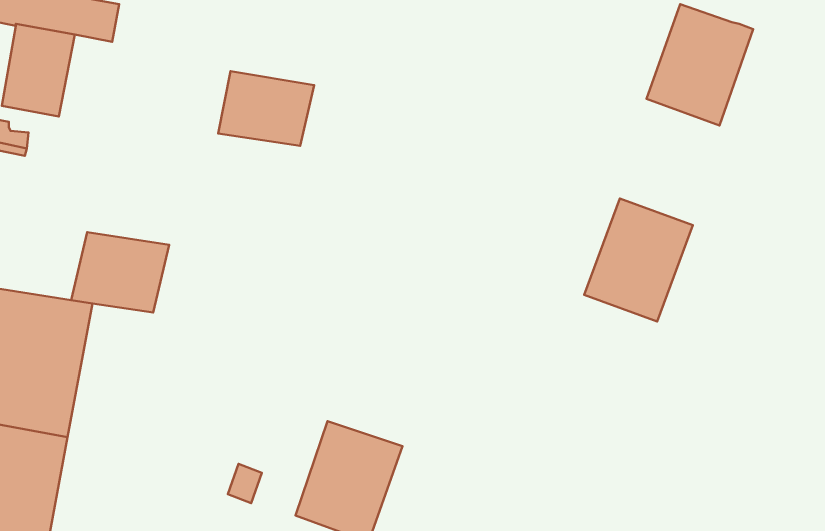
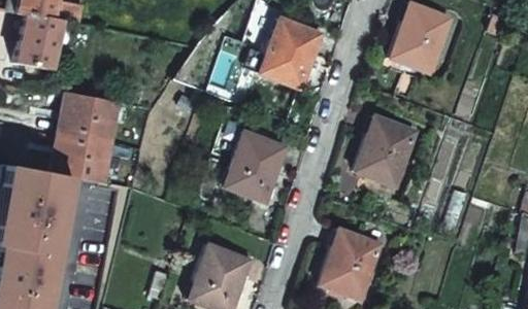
building: none -> [257,19,320,89]
building: [218,71,314,146] -> [66,99,122,142]
building: none -> [223,132,284,203]
building: none -> [319,229,381,299]

